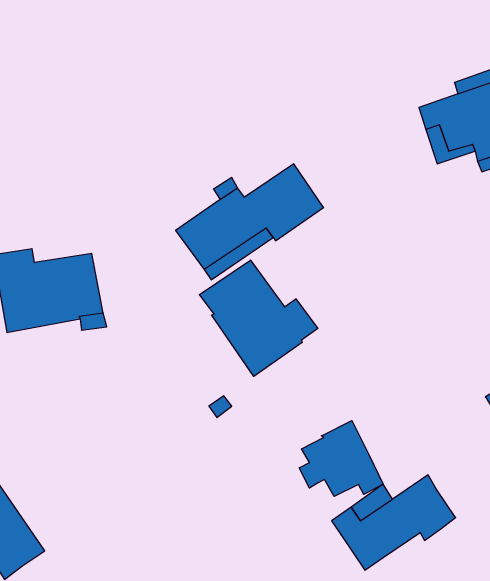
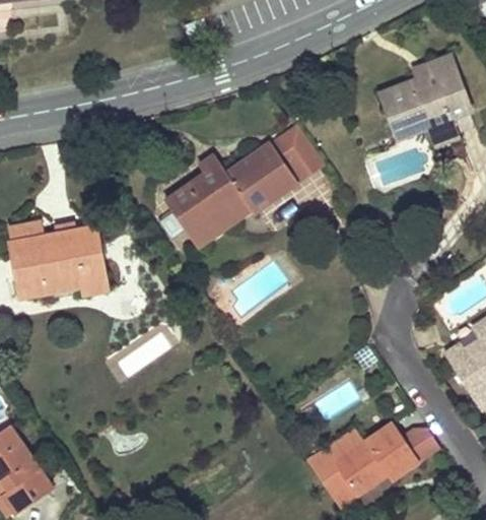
building: none -> [273,129,324,184]
building: [199,260,318,376] -> none
building: [299,421,383,496] -> none
building: none -> [399,418,438,458]

